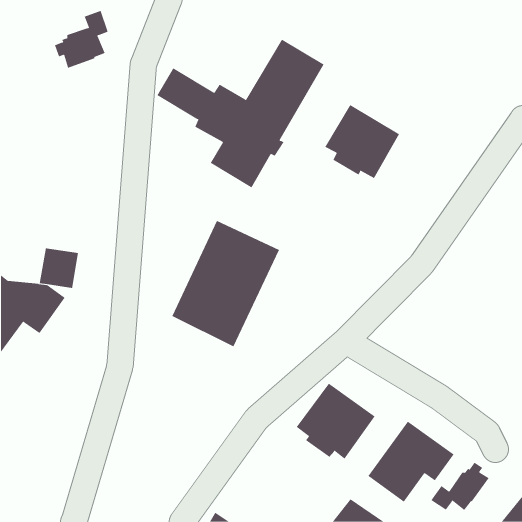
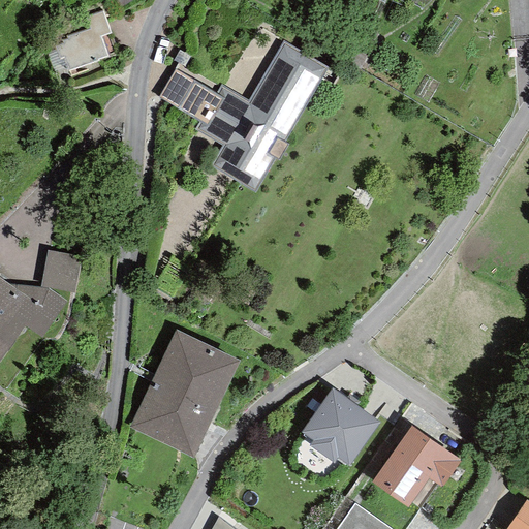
building: [324,104,400,179] -> none
building: [171,220,280,347] -> [130,330,240,458]
building: [431,462,489,511] -> none

